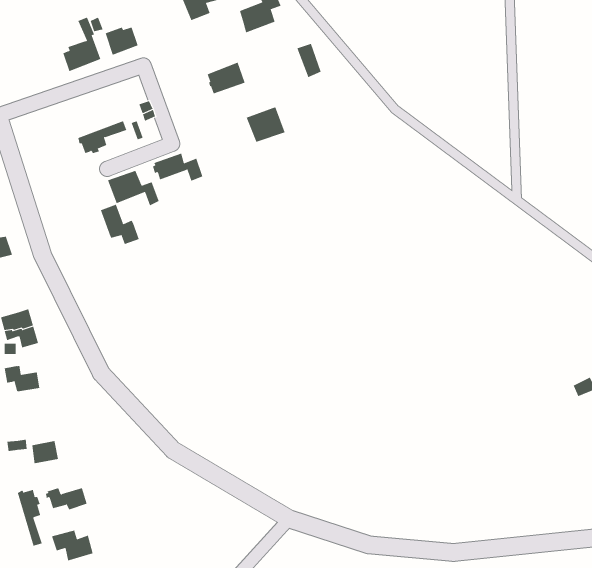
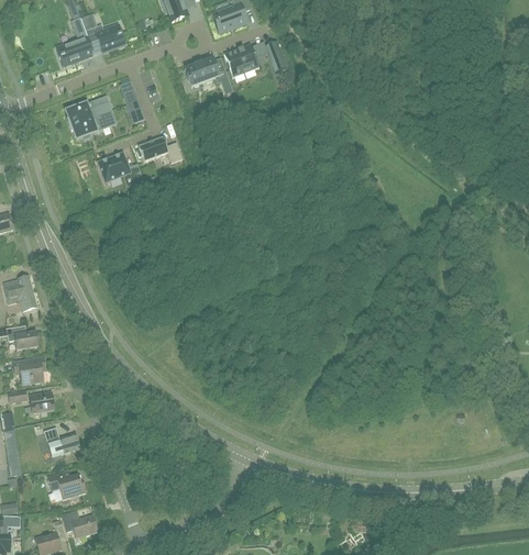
building: [246,106,286,143] -> [224,43,260,75]
building: none -> [67,100,112,123]
building: [100,204,139,245] -> none
building: none -> [14,355,46,384]
building: [17,489,43,547] -> none

